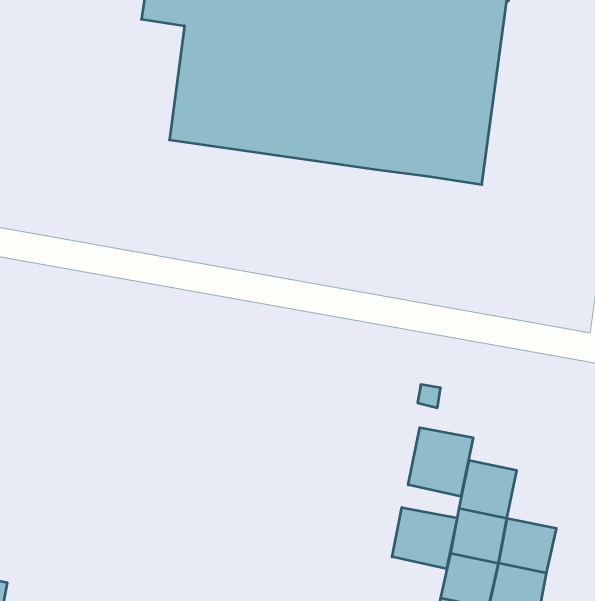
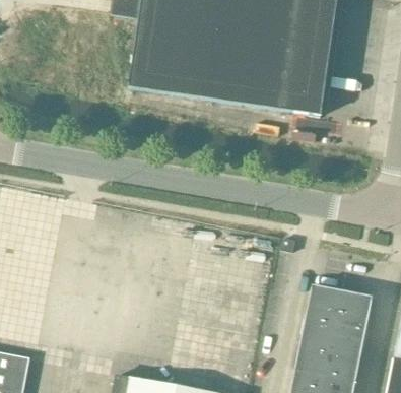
building: [408,428,473,497] -> none
building: none -> [336,290,373,326]
building: [392,507,457,569] -> none

